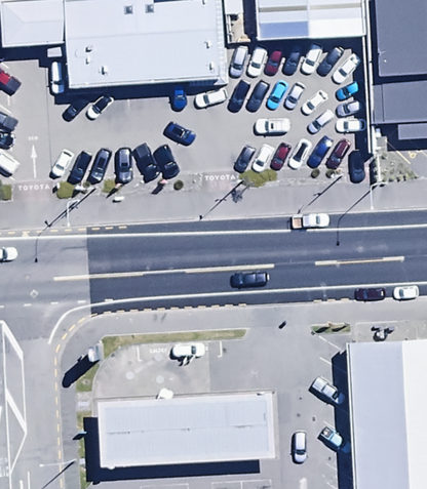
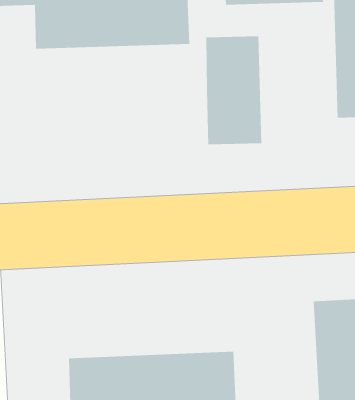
building: none -> [206,36,262,145]

